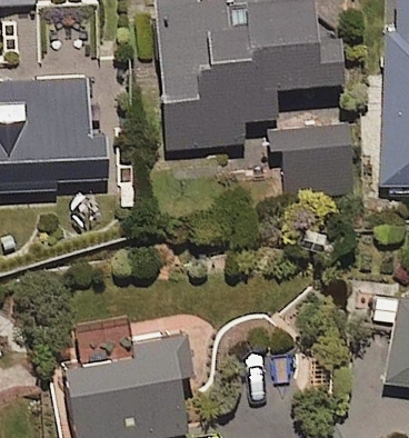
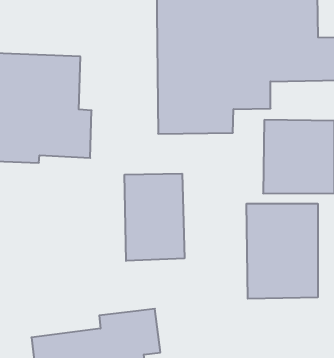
building: none -> [125,174,184,261]
building: none -> [247,204,318,299]

